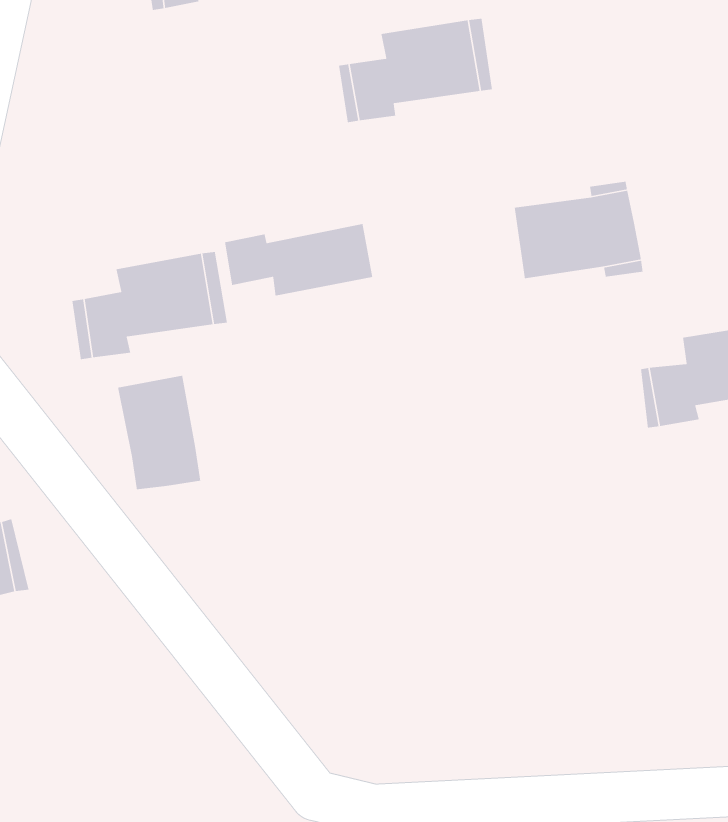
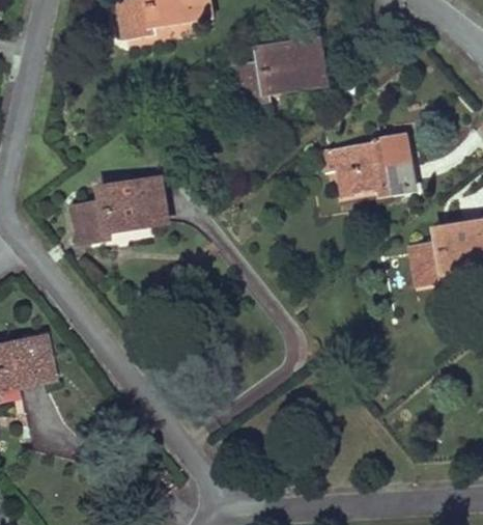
building: [224,223,373,296] -> none
building: [117,375,201,490] -> none

